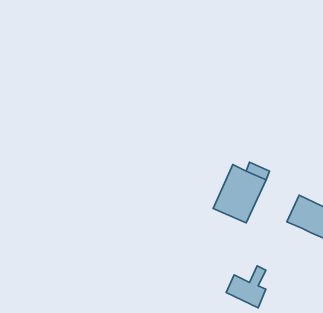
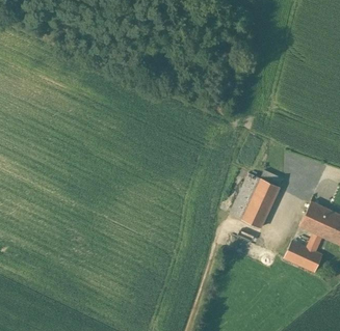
building: [226,266,266,308] -> [285,233,322,273]

